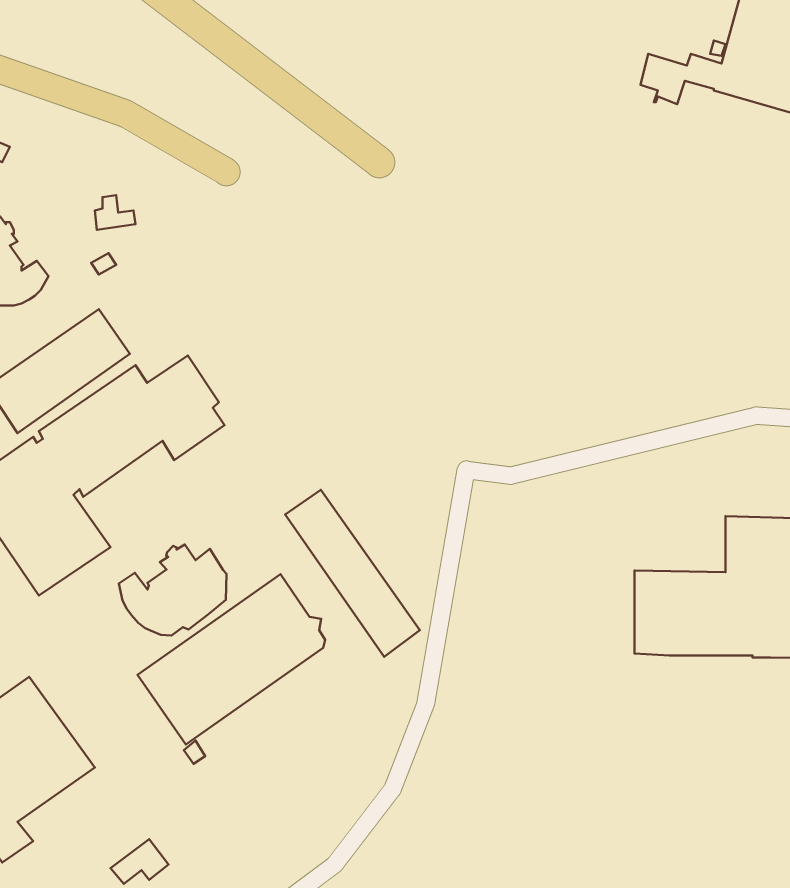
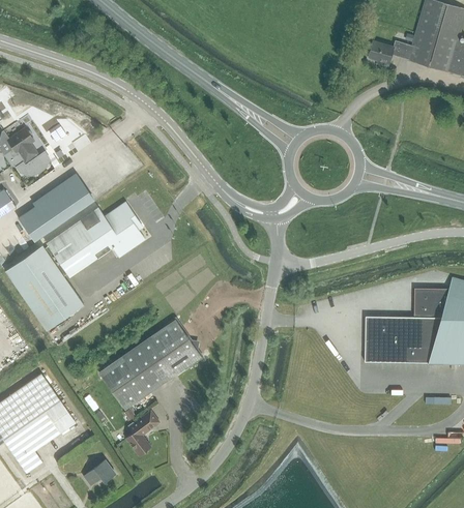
building: [285,490,420,657] -> none
building: [119,544,227,635] -> none
building: none -> [125,410,160,455]

